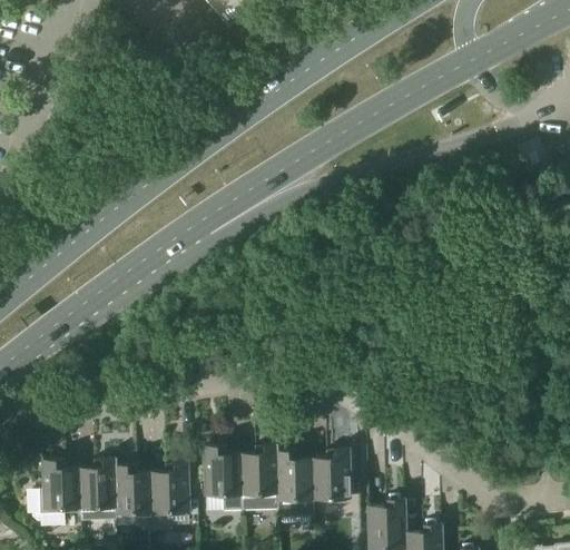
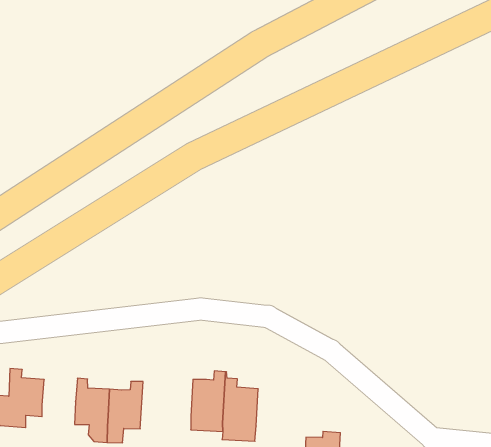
building: [205,445,244,510] -> none
building: [313,448,351,499] -> none
building: [81,456,118,513] -> none

